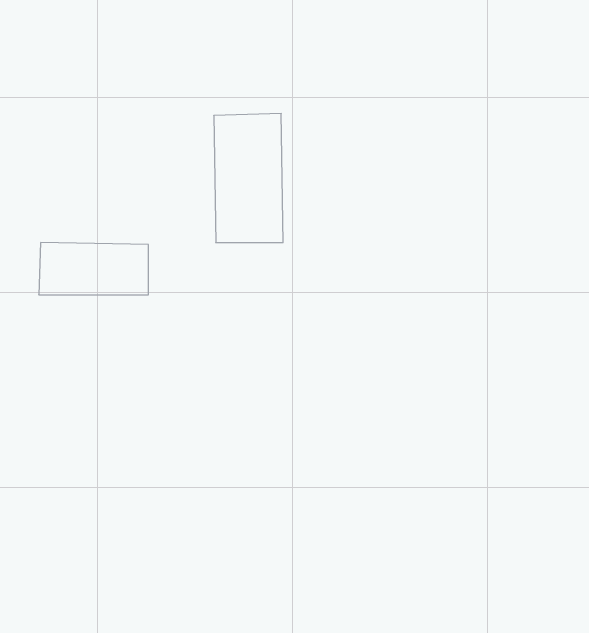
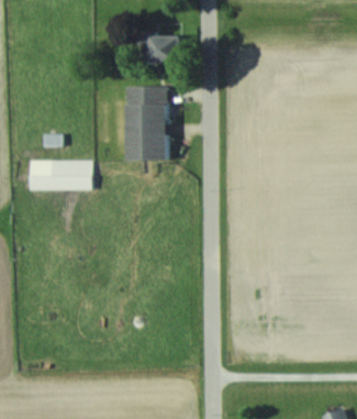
building: none -> [149,35,178,63]

